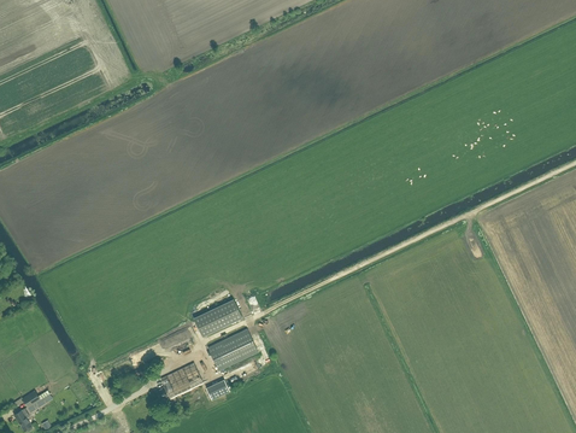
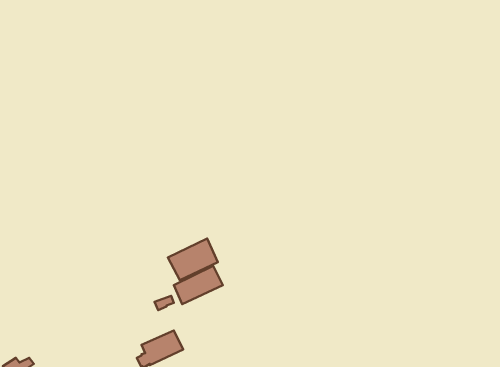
building: [207,328,258,370] -> [168,238,218,280]

